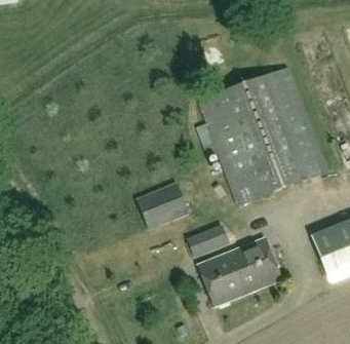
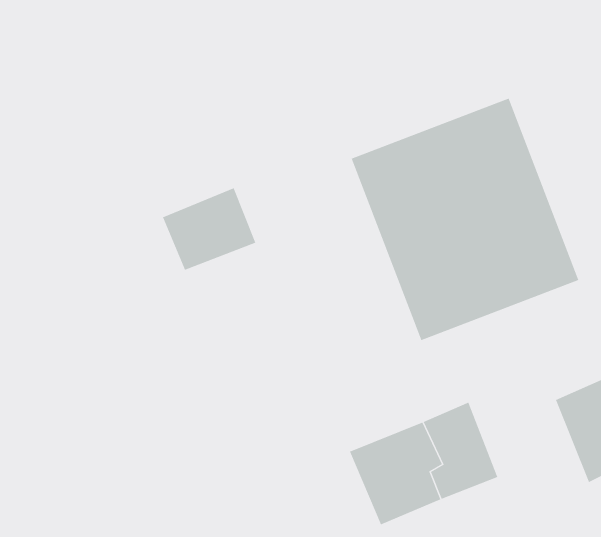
building: [137,183,189,229] -> [162,188,256,270]
building: [188,226,229,255] -> none

